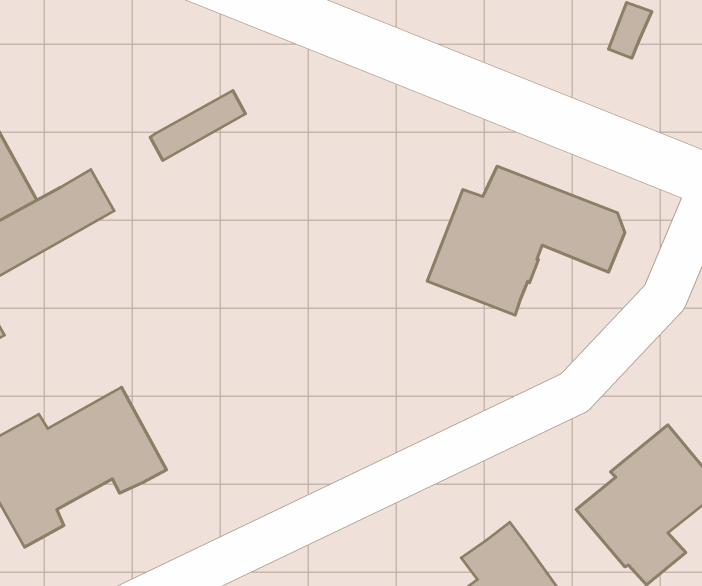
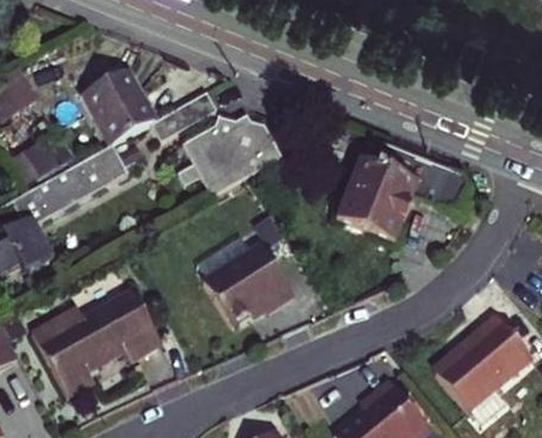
building: none -> [83,68,153,143]
building: none -> [176,113,281,194]
building: none -> [201,242,291,323]

